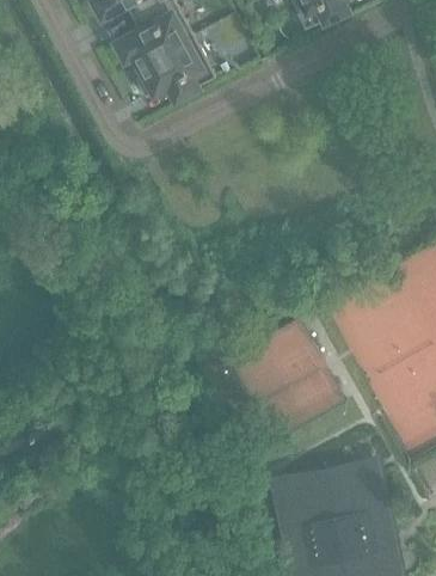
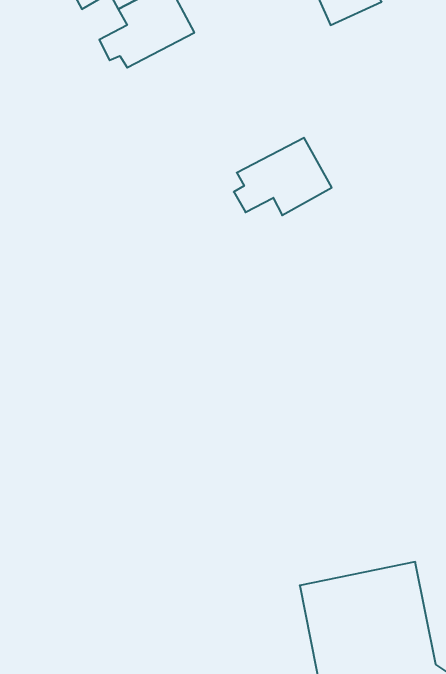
building: [134,37,214,100] -> [234,138,332,215]

